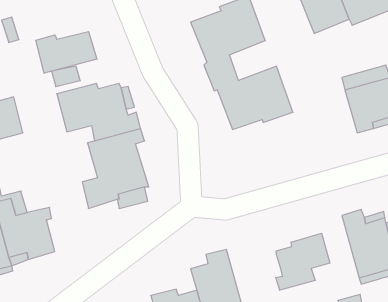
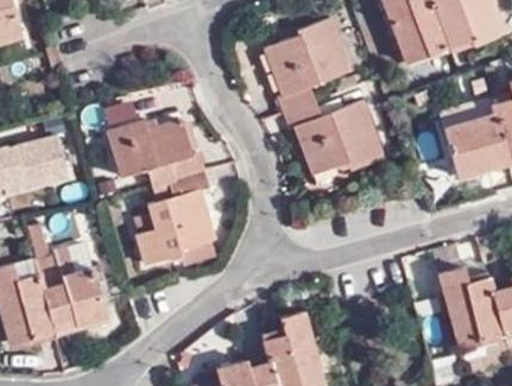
building: [36,32,97,73] -> none
building: [276,233,330,290] -> none

